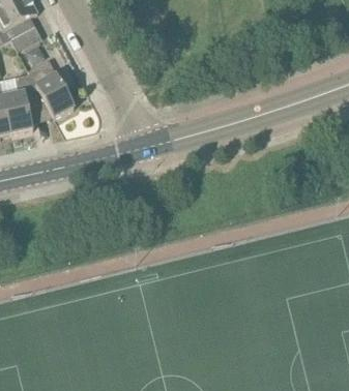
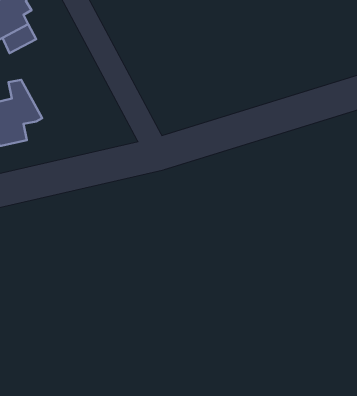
building: [28,58,75,117] -> none

